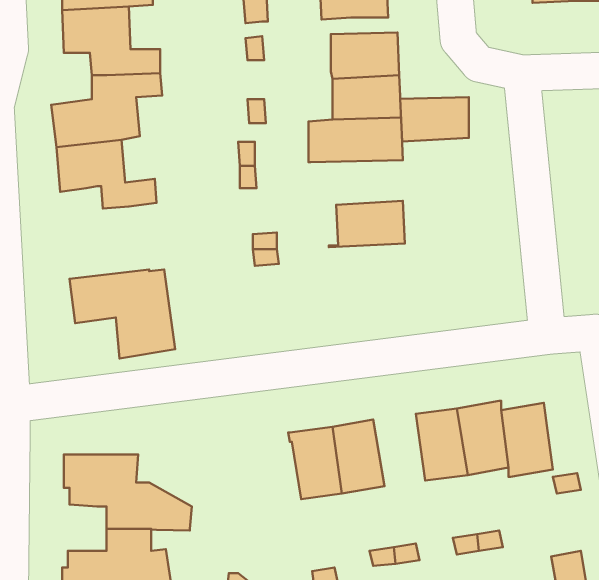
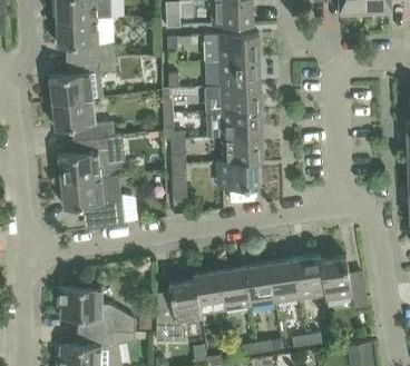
building: [400,97,469,141] -> [221,111,262,138]
building: none -> [59,136,123,182]
building: none -> [217,161,263,189]
building: none -> [244,264,275,307]
building: none -> [157,280,202,342]

